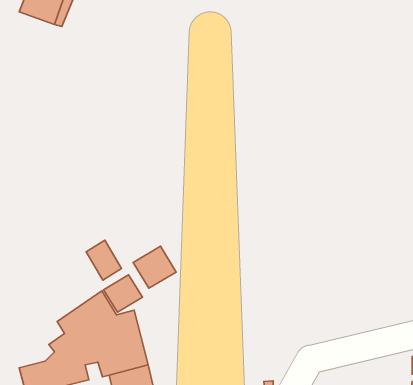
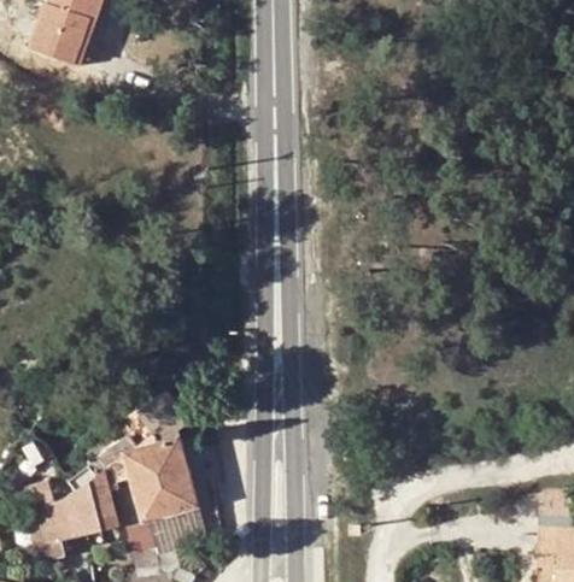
building: [86,240,122,280] -> none
building: [133,246,176,288] -> none

